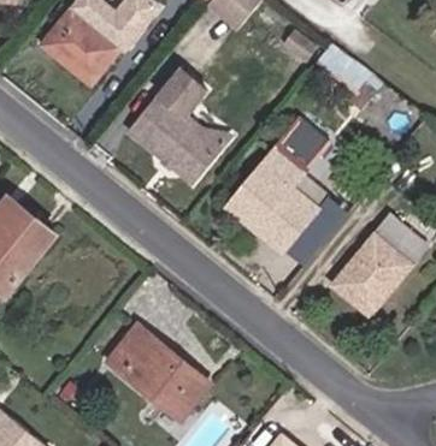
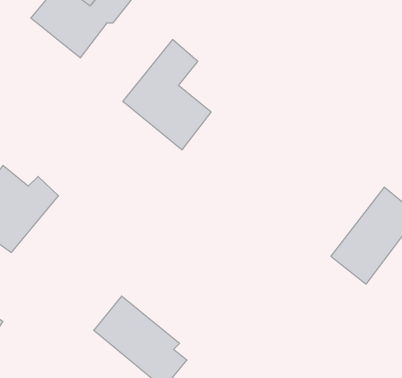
building: [235,120,326,252] -> none

